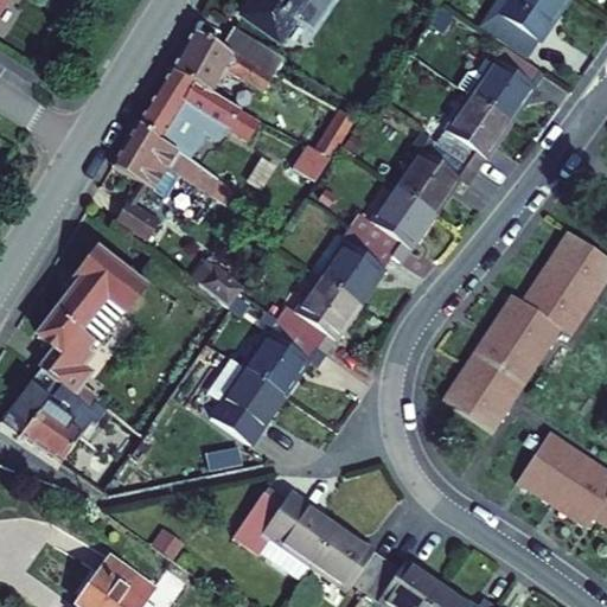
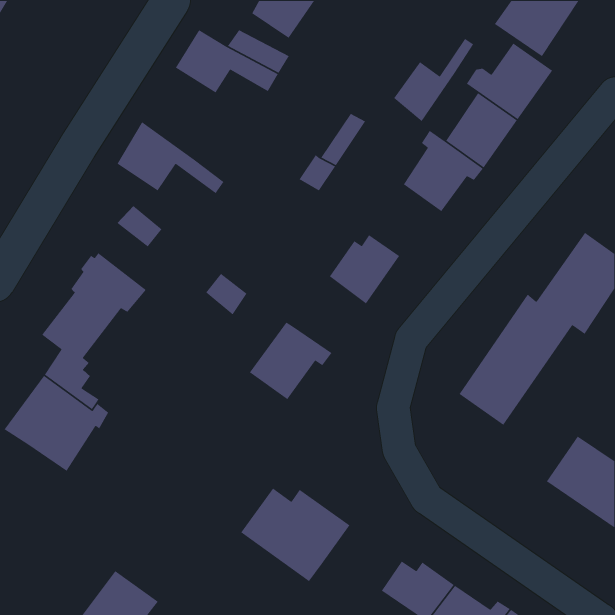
building: none -> [393,38,474,122]
building: [139,71,260,160] -> none
building: [352,185,432,260] -> none
building: [280,275,358,350] -> none
building: [204,359,281,443] -> none
building: [315,518,392,582] -> none

